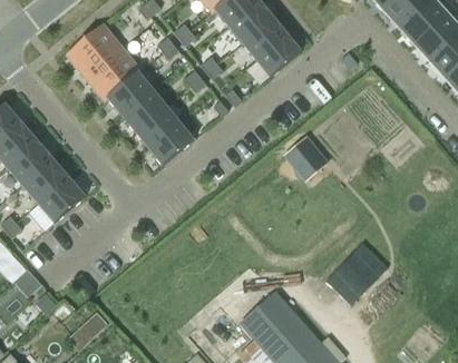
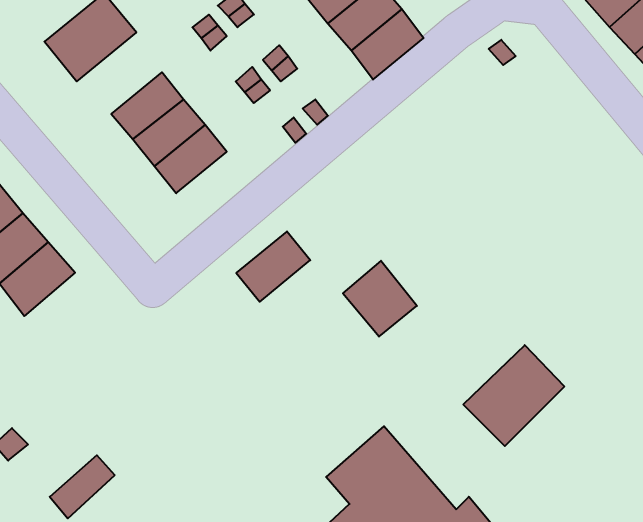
building: [86,48,142,101] -> none
building: [147,121,193,165] -> [236,231,310,302]
building: [282,134,328,180] -> [343,261,417,337]

